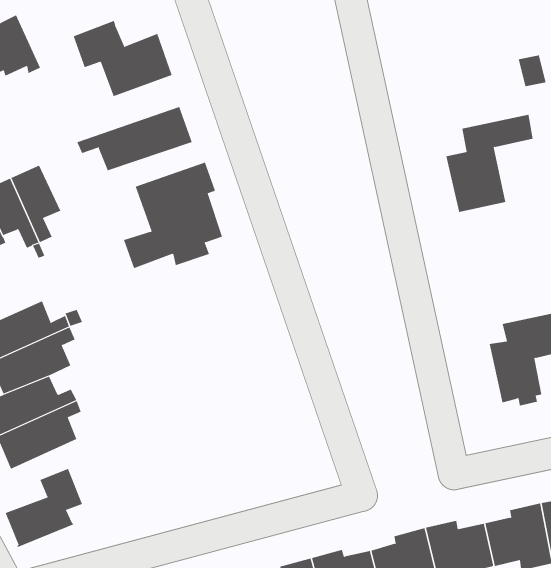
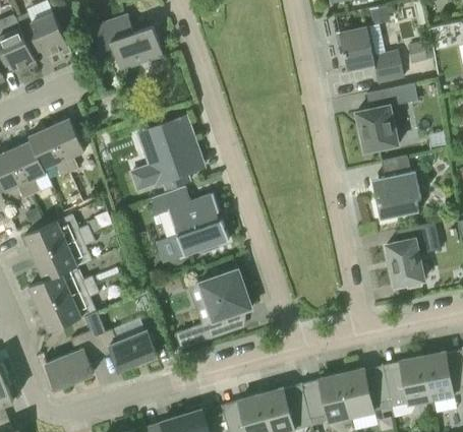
building: none -> [339,25,402,83]
building: [77,106,192,171] -> none
building: none -> [371,157,420,221]
building: none -> [150,187,228,258]
building: none -> [174,270,251,351]
building: none -> [90,327,158,370]

